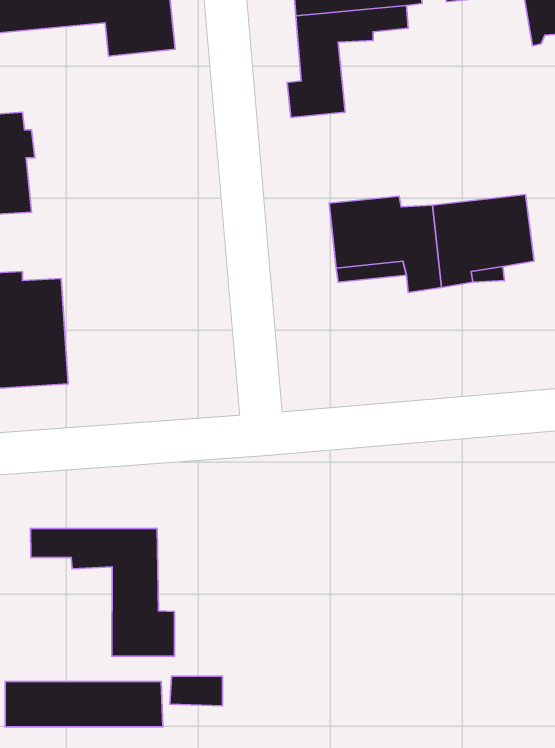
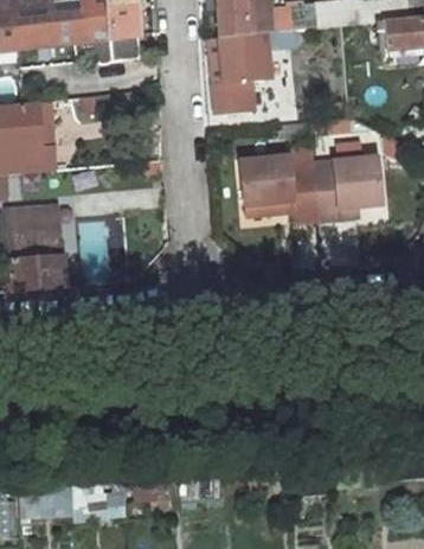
building: [30,528,175,656] -> none

